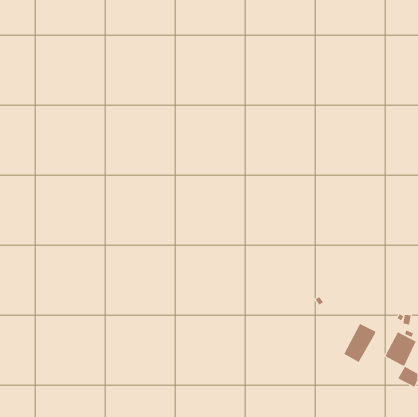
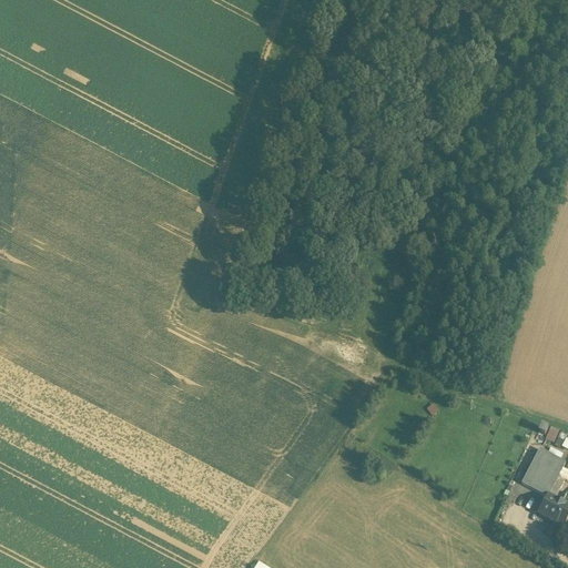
building: [343,323,376,363] -> none

